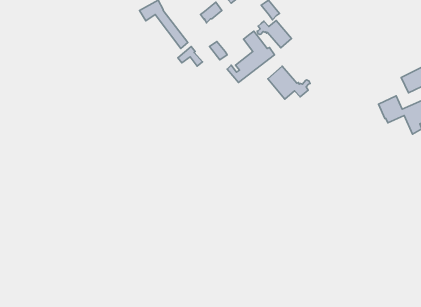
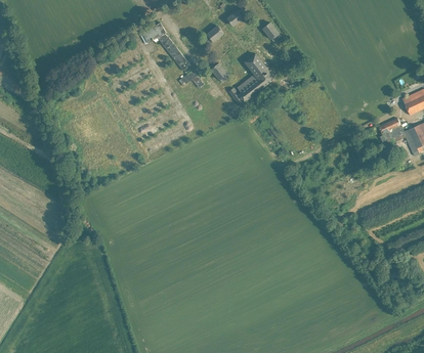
building: [257,20,291,48] -> none
building: [268,66,310,99] -> none

